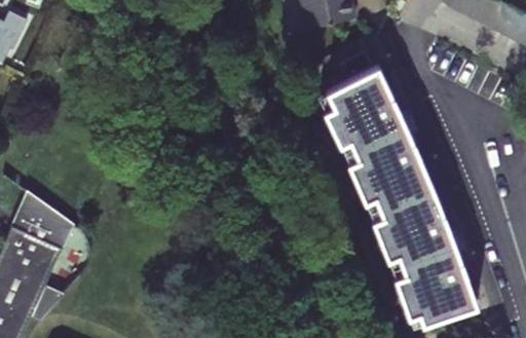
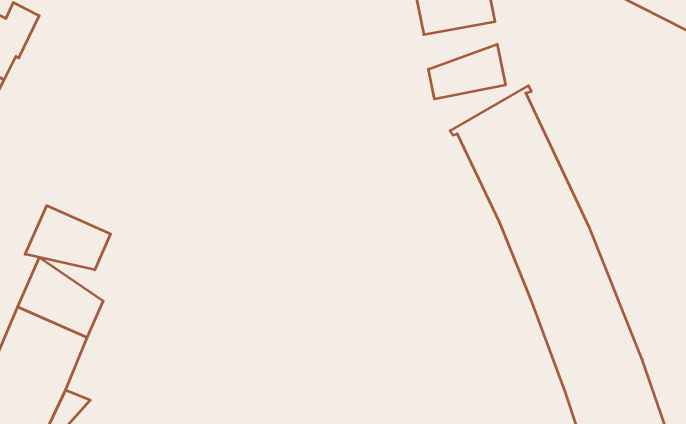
building: none -> [428,44,505,99]
building: none -> [25,206,111,270]

